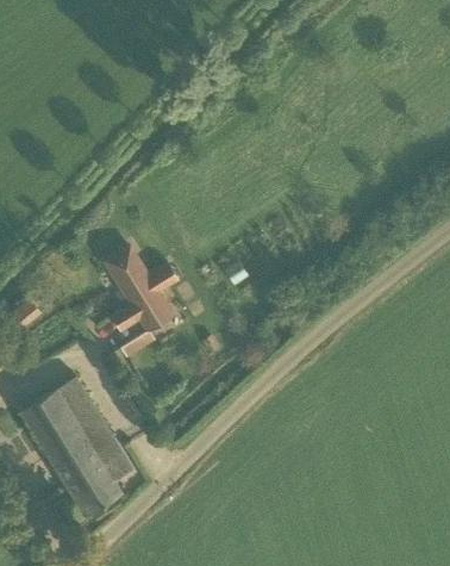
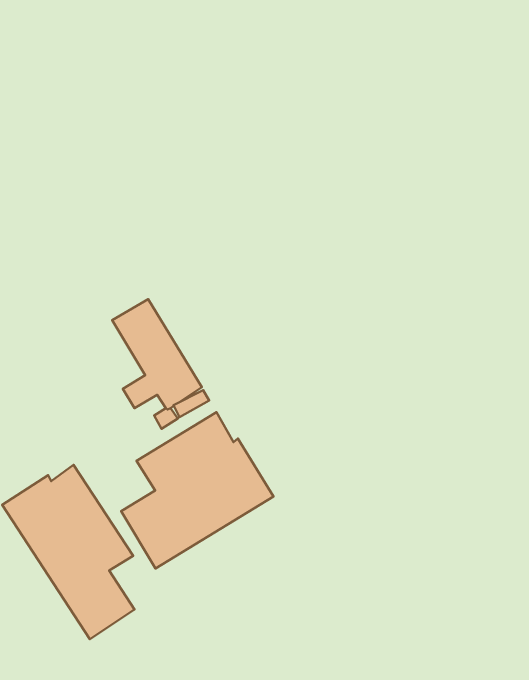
building: none -> [121,412,274,568]

